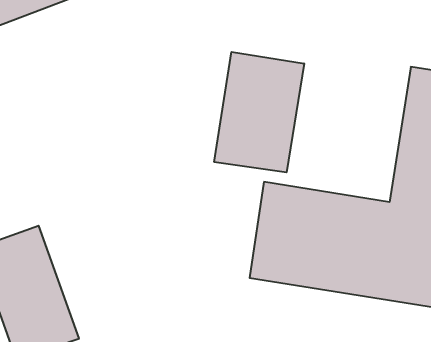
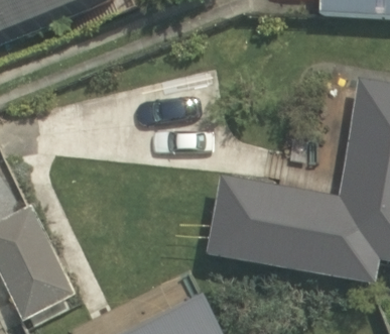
building: [214,52,304,172] -> none

